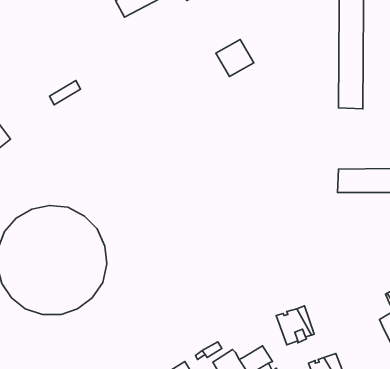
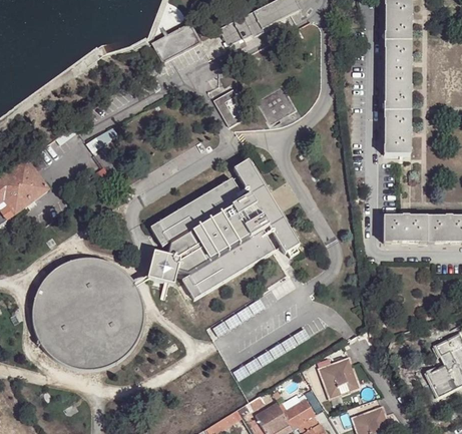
building: none -> [213,90,248,127]
building: none -> [148,156,301,296]

